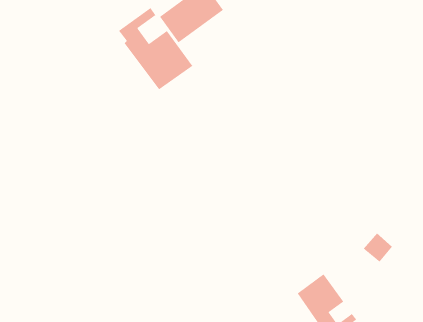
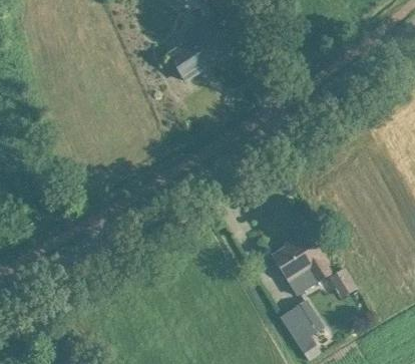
building: [118,7,193,90] -> none
building: none -> [271,232,329,282]

